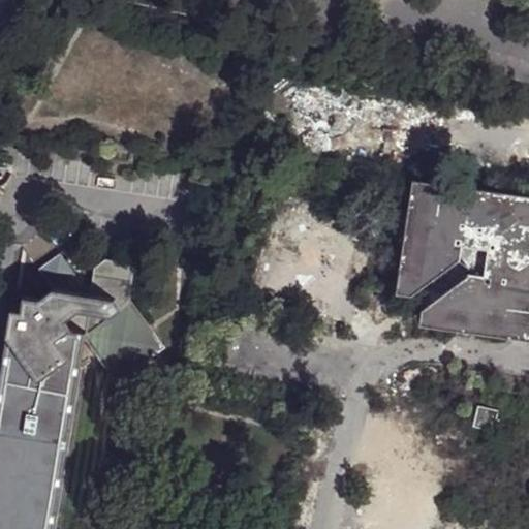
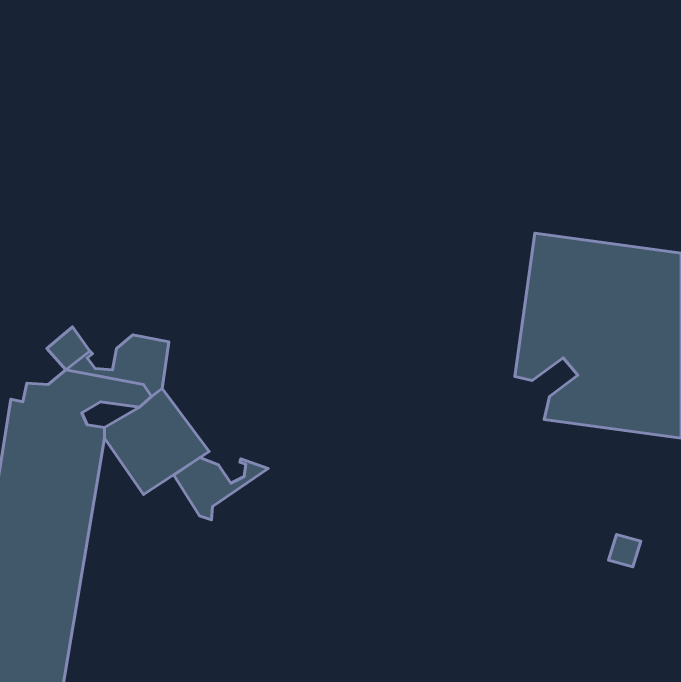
building: none -> [174,458,268,520]

